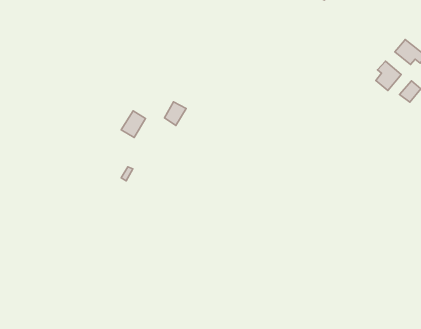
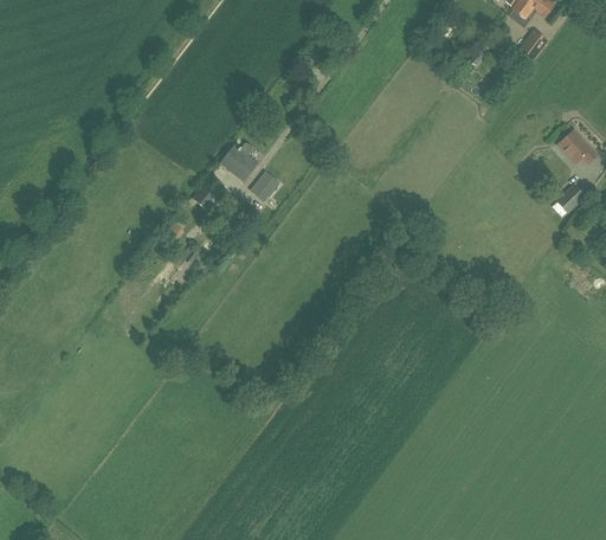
building: [376,61,401,91] -> none
building: none -> [219,141,257,180]

